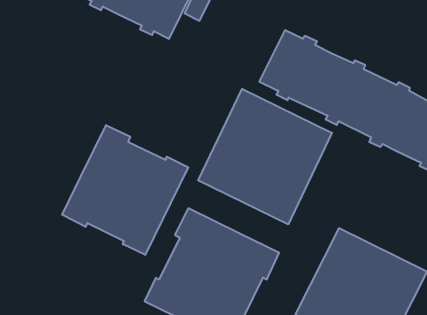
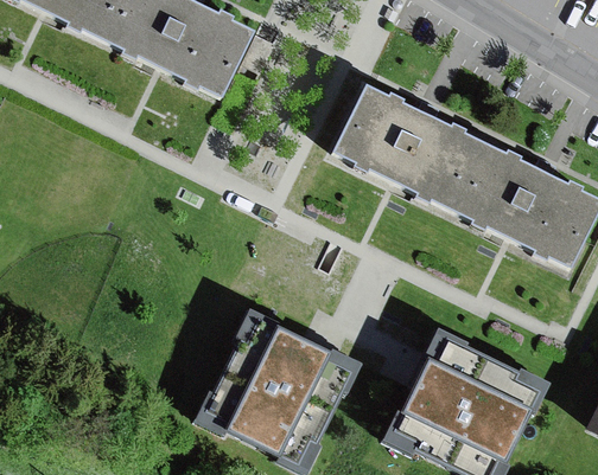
building: [198,89,332,224] -> none
building: [62,125,188,255] -> none

